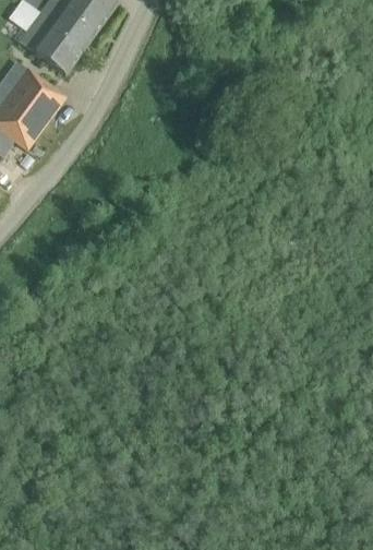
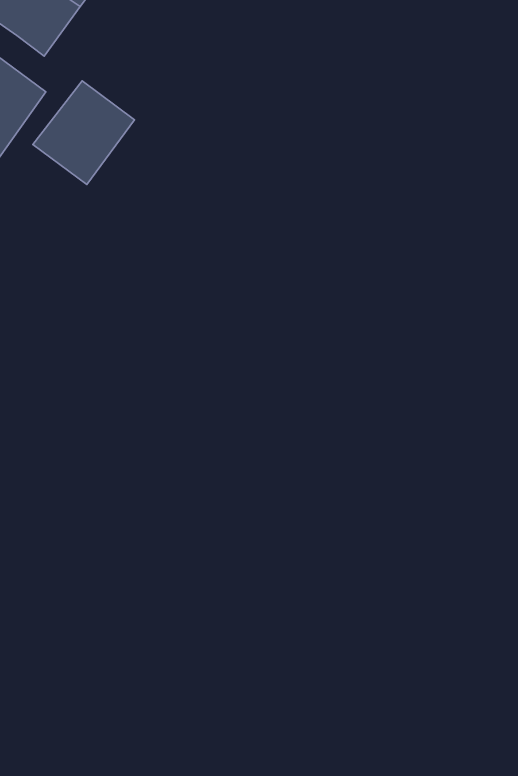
building: none -> [33,81,134,185]

